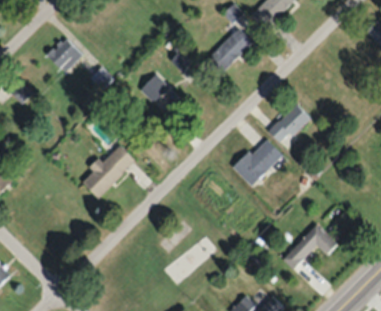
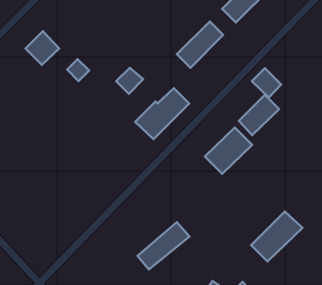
building: none -> [252,68,281,98]
building: [80,144,136,197] -> [135,88,189,139]

